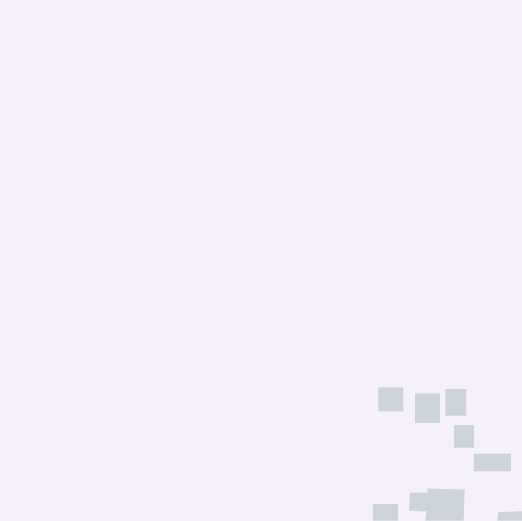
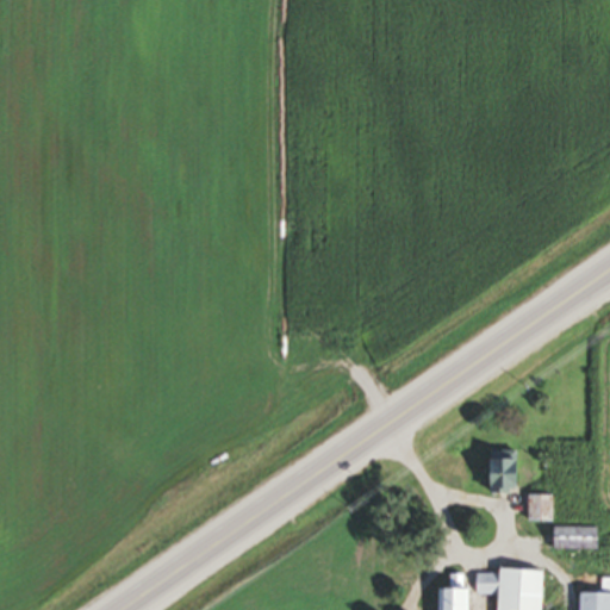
building: [378,386,404,412] -> none
building: [445,388,467,417] -> none

